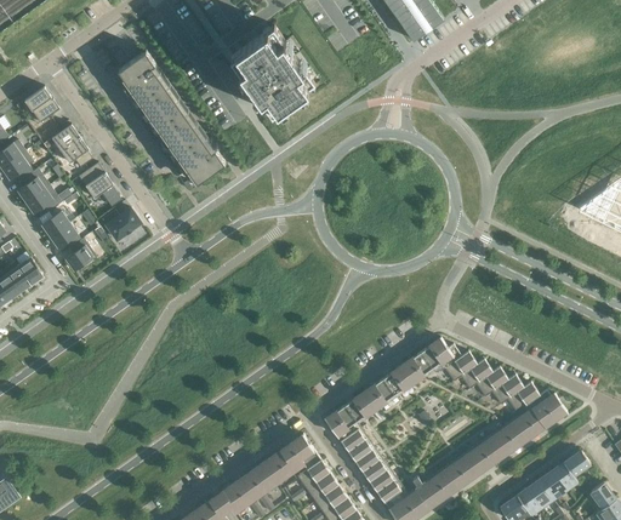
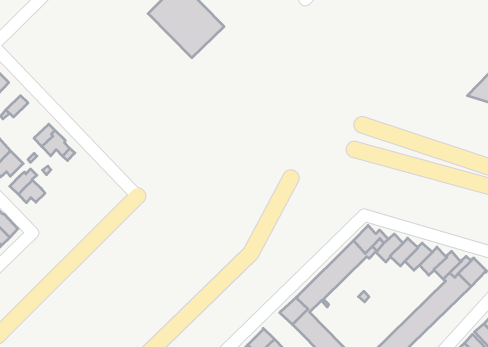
building: [118,52,224,184] -> none
building: [58,136,92,168] -> none
building: [102,210,139,241] -> none
building: [65,239,95,272] -> none

